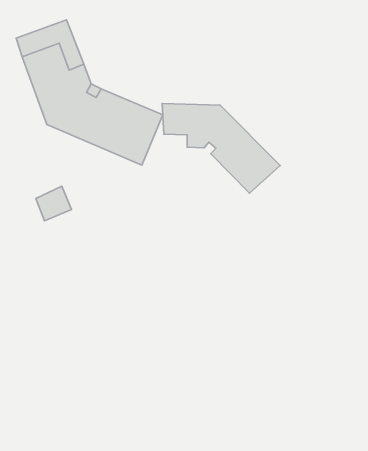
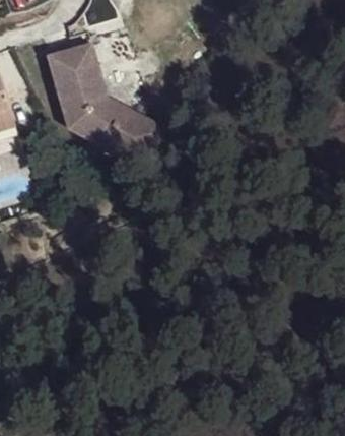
building: [162,104,280,193] -> none

